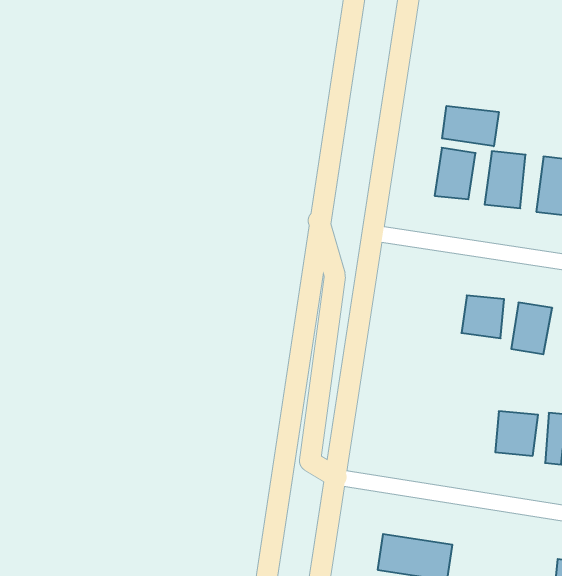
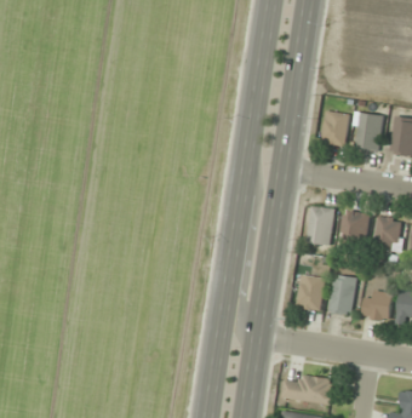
building: [442,106,499,146] -> none
building: none -> [307,206,333,245]
building: none -> [328,274,355,316]
building: none -> [297,275,324,310]

